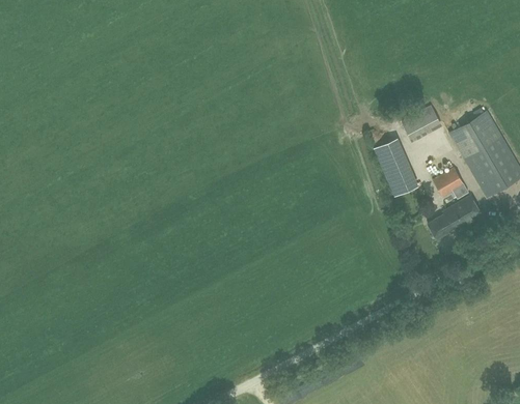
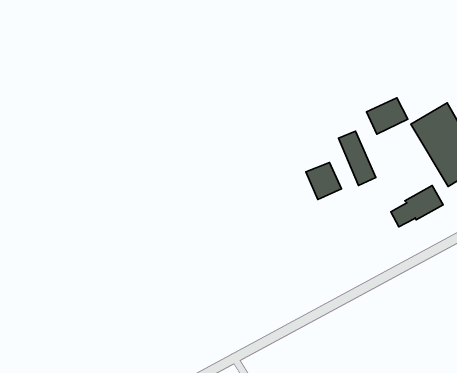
building: [433,167,465,197] -> none
building: none -> [306,162,341,200]

